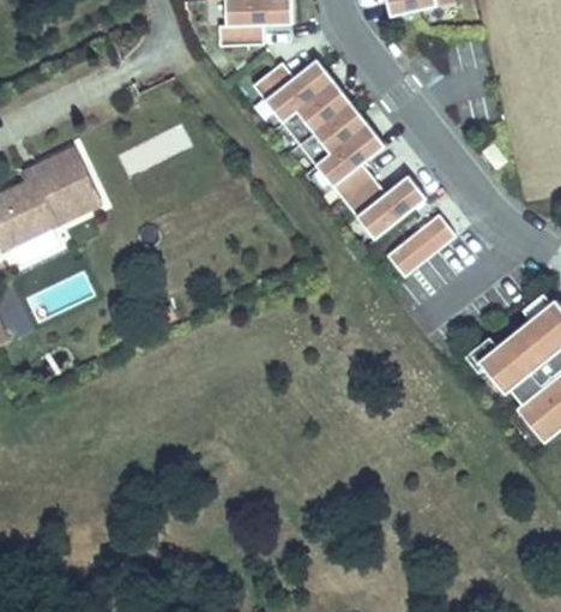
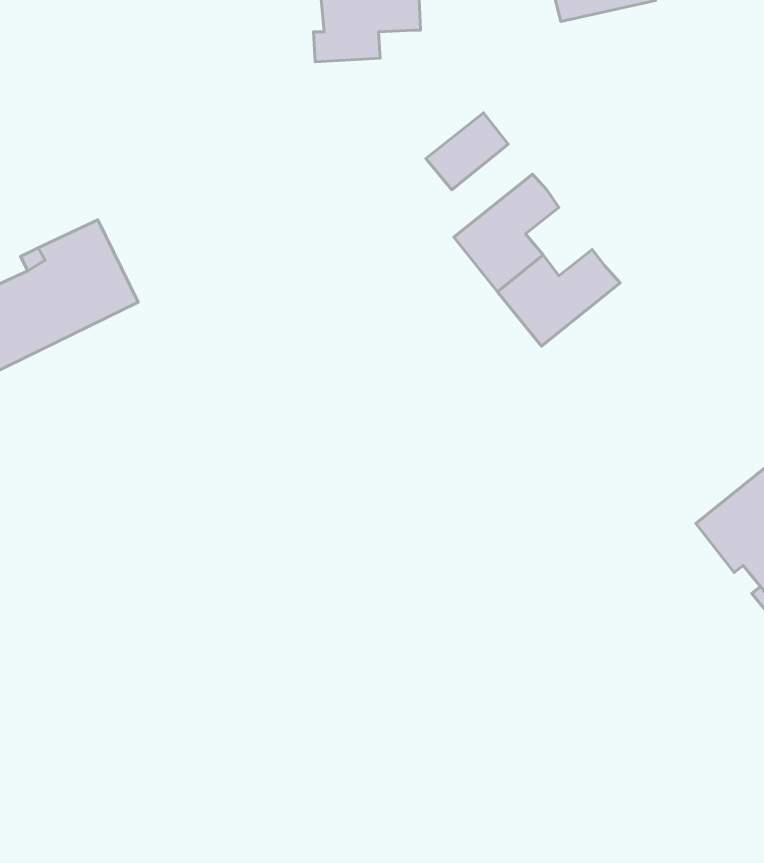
building: [249,56,333,122] -> none
building: [312,101,367,152] -> none
building: [384,215,453,278] -> none

